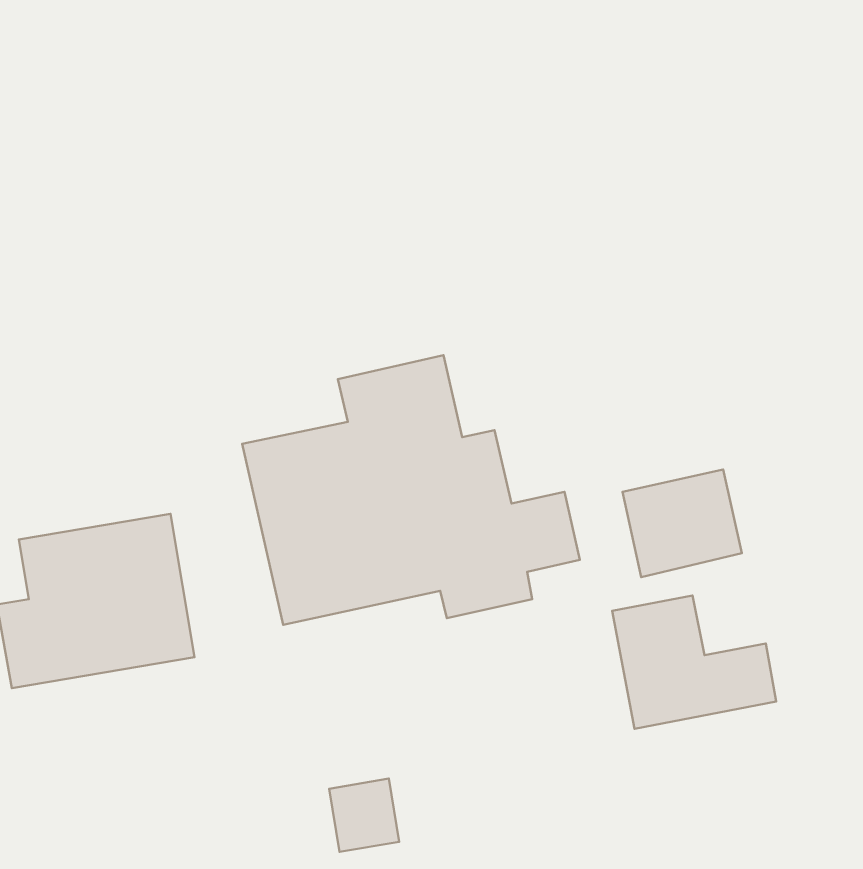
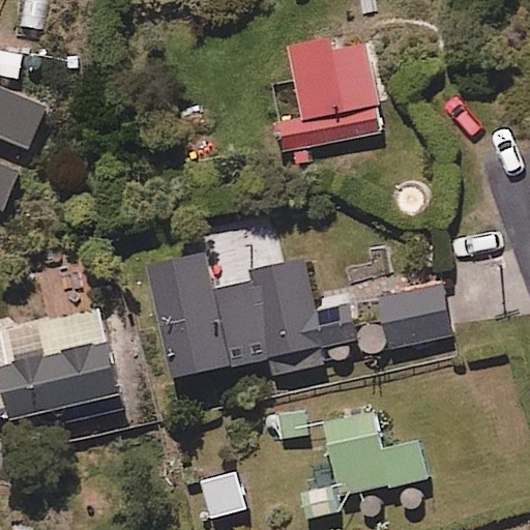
building: none -> [276,36,380,148]
building: [612,596,776,729] -> [324,413,423,494]

